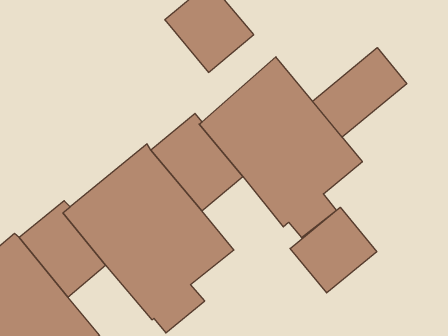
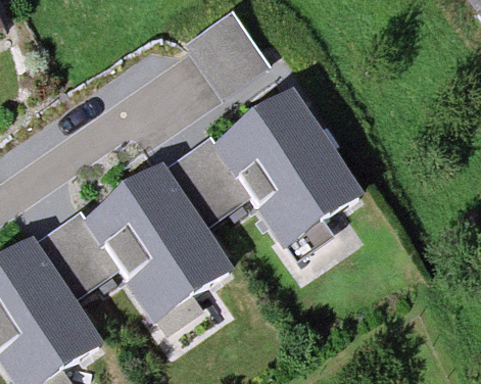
building: [312,48,407,137] -> none
building: [290,207,377,293] -> none

